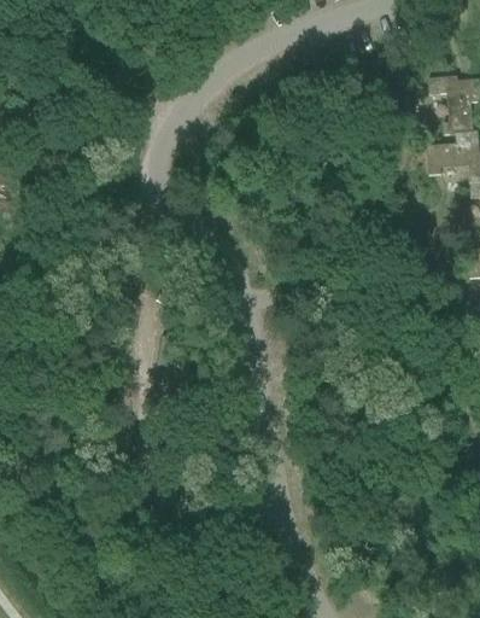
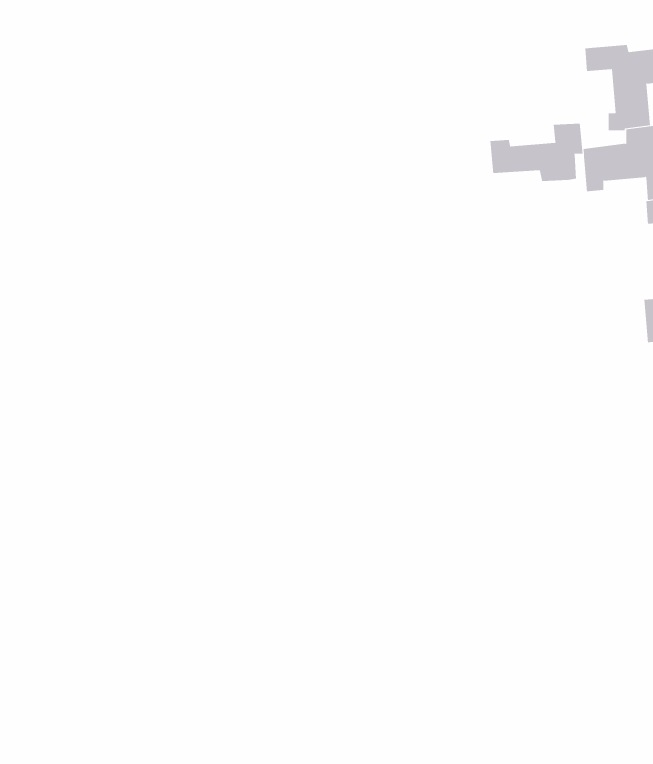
building: none -> [490,123,583,182]

